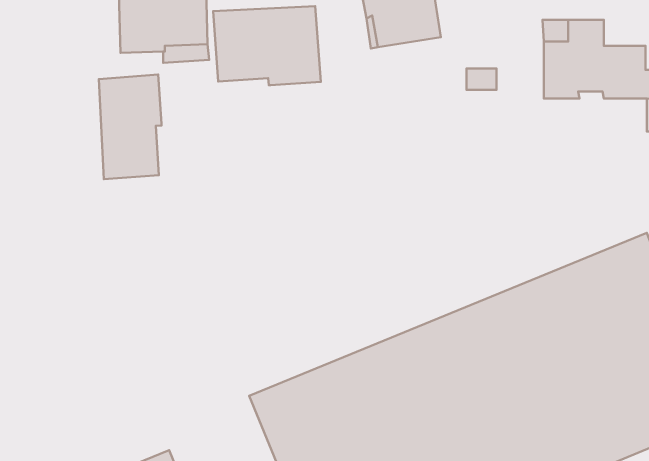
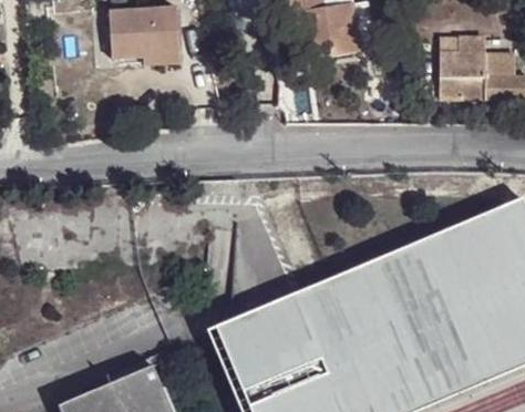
building: [213,6,321,85] -> none
building: [99,75,161,179] -> none

